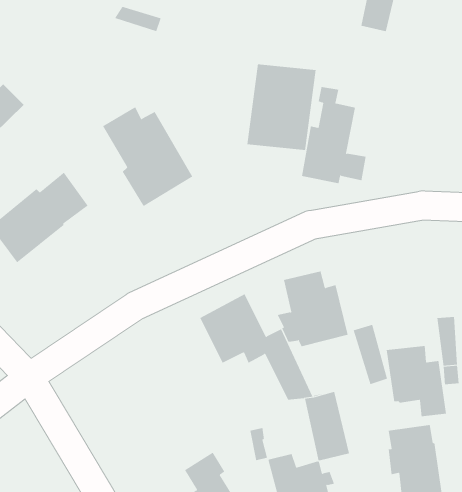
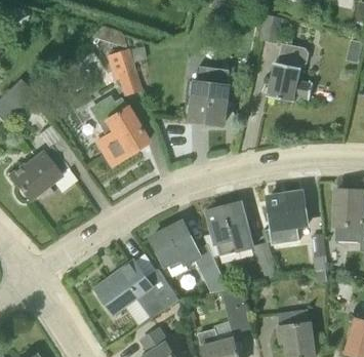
building: none -> [108,49,140,95]
building: [301,86,367,184] -> [269,36,313,102]
building: [386,345,447,417] -> [269,194,310,242]
building: none -> [96,261,179,318]

